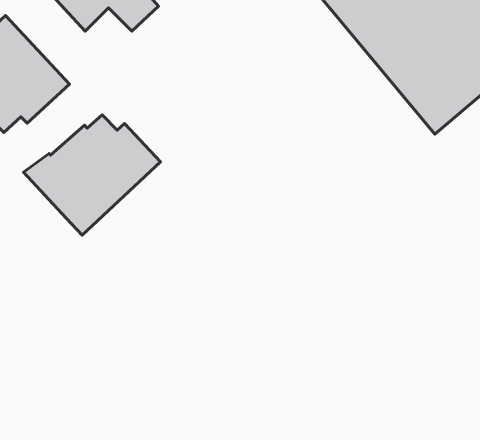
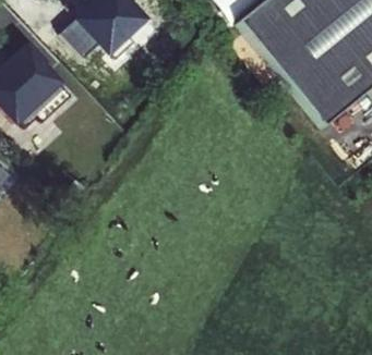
building: [23,115,161,235] -> none

